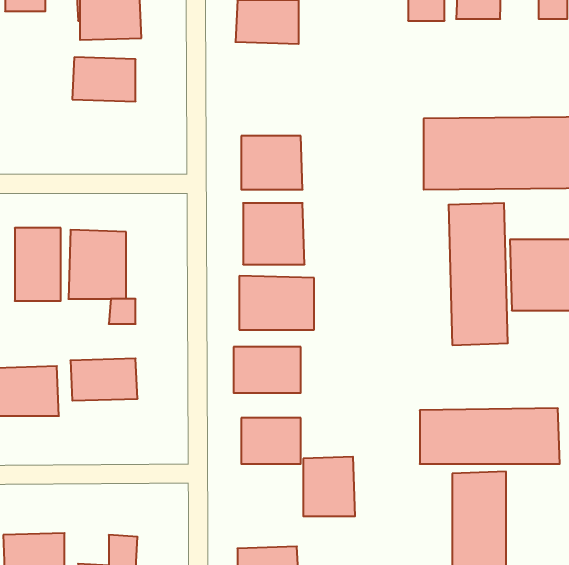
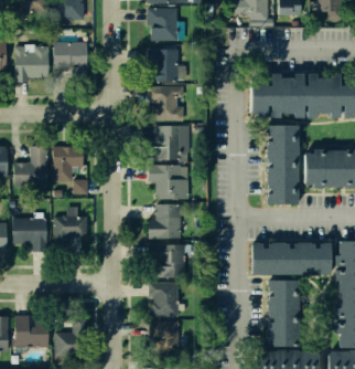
building: none -> [146,49,176,76]
building: none -> [17,51,42,82]
building: [303,457,355,516] -> [148,282,177,316]

